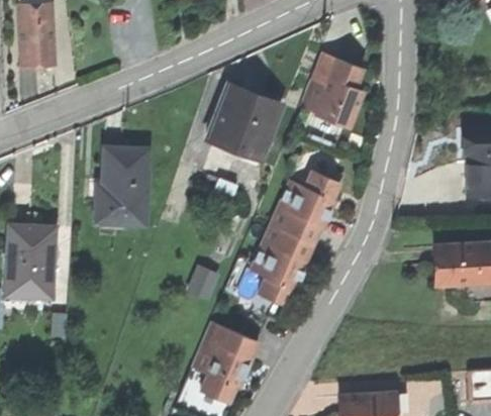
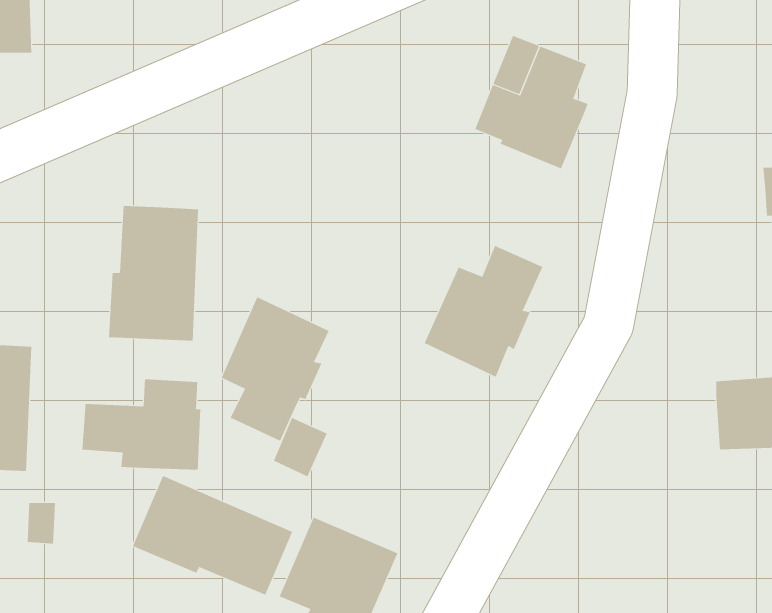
building: [207,85,282,160] -> none
building: [253,225,313,306] -> [221,296,329,441]
building: none -> [82,379,201,470]
building: none -> [132,475,293,595]

